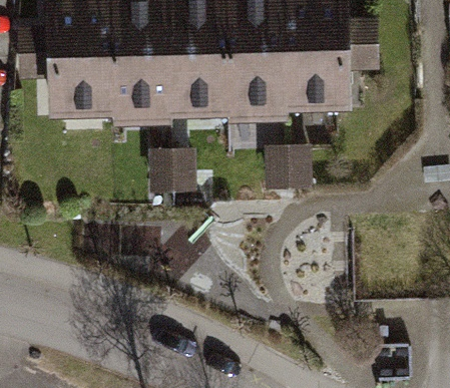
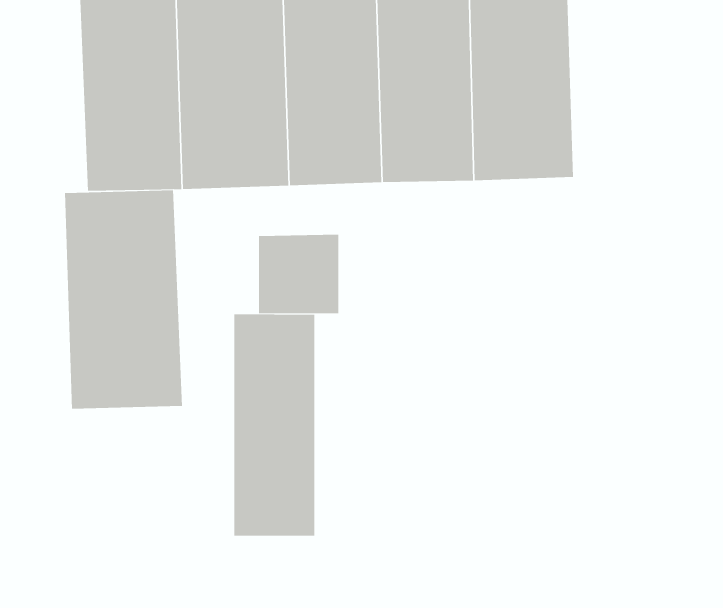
building: none -> [65,190,182,410]
building: none -> [234,314,315,537]

